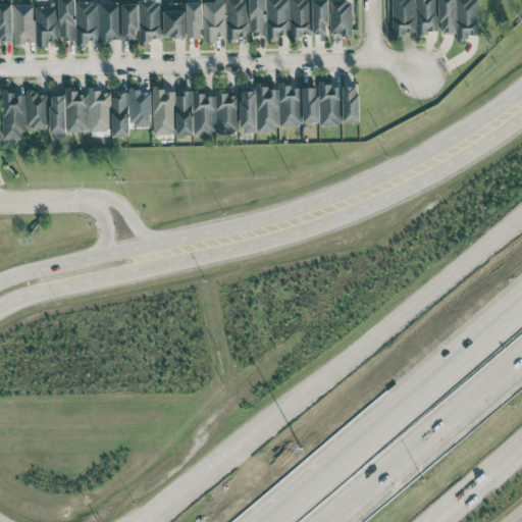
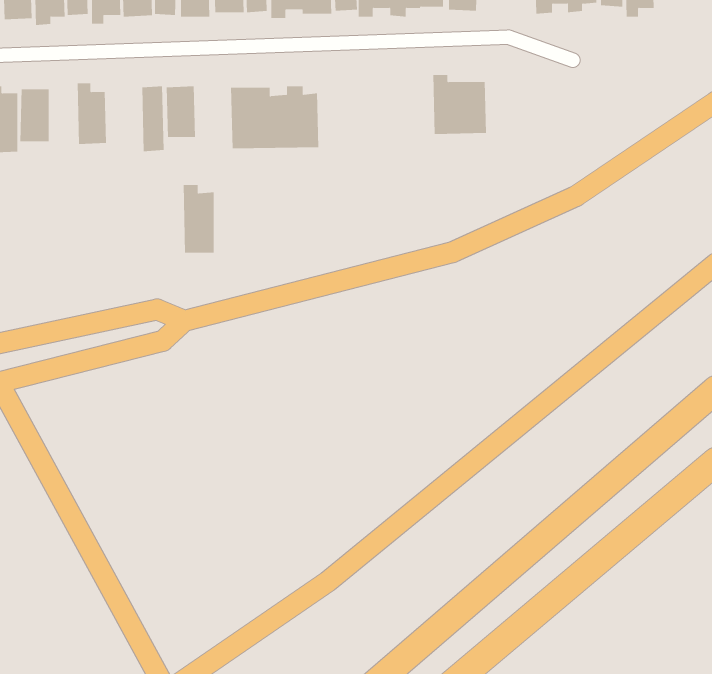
building: [240,83,318,133] -> none
building: [152,86,174,135] -> [183,185,214,253]
building: [89,87,111,132] -> none
building: [50,96,65,133] -> none

